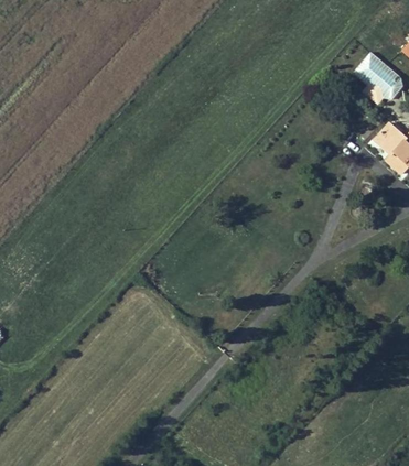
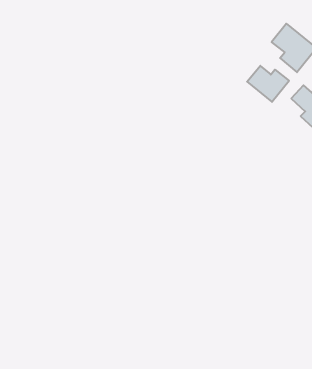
building: none -> [247,66,289,102]

